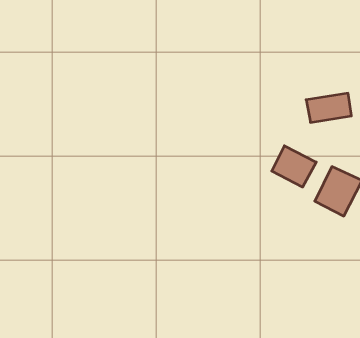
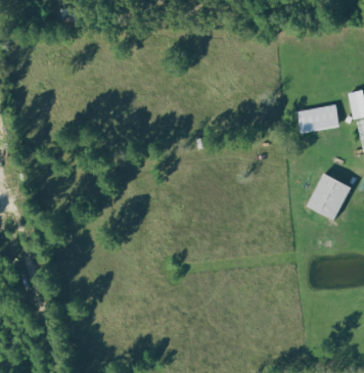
building: [272,146,316,187] -> none

